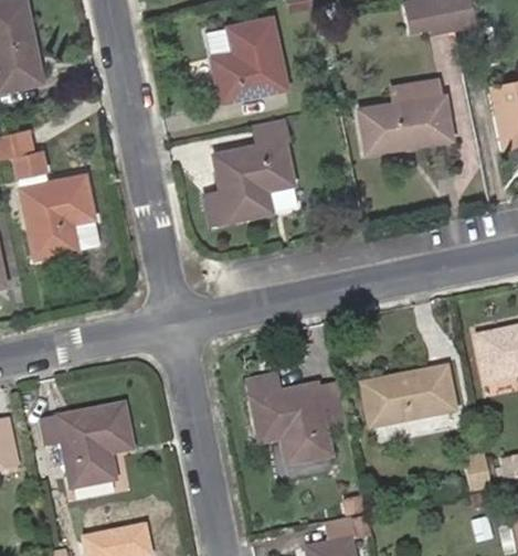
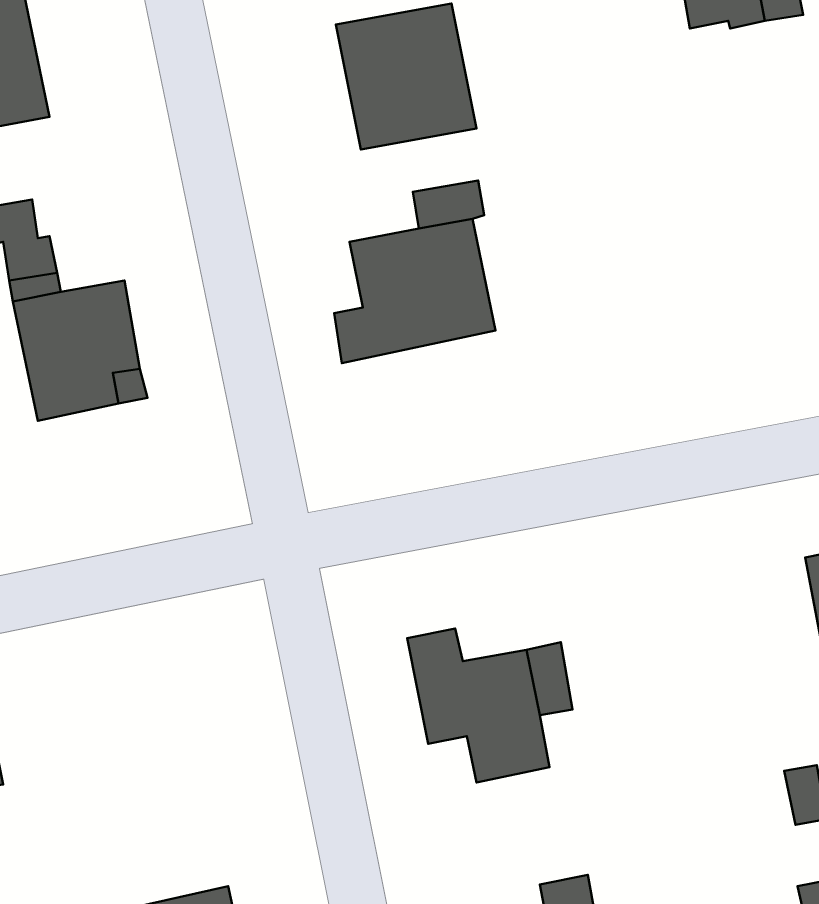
building: [358,78,451,152] -> none
building: [362,366,454,425] -> none
building: [40,404,133,487] -> none

